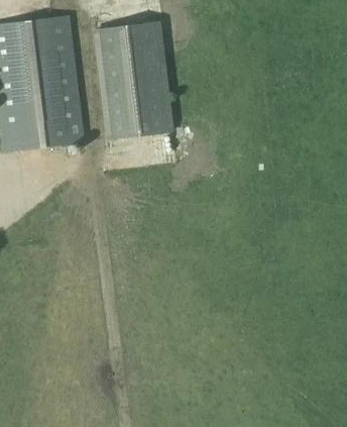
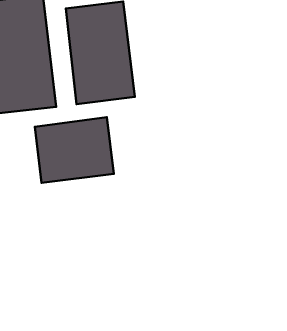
building: none -> [35,117,114,183]

